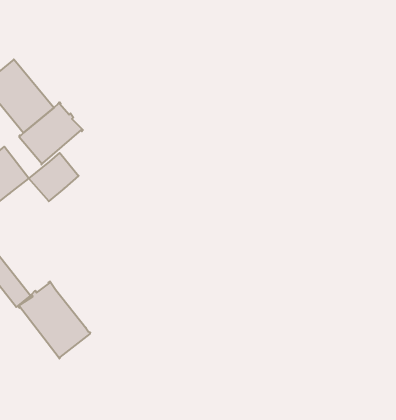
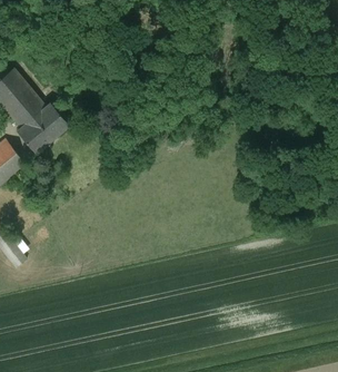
building: [29,153,79,201] -> none
building: [18,281,90,359] -> none

